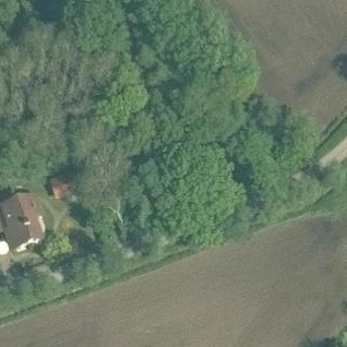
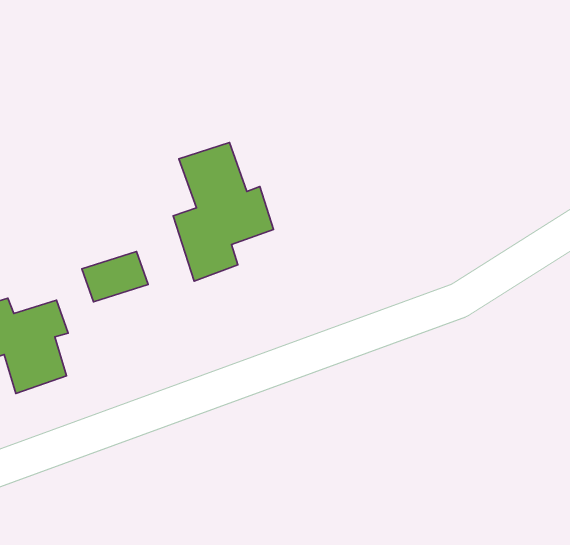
building: none -> [173,142,274,281]

